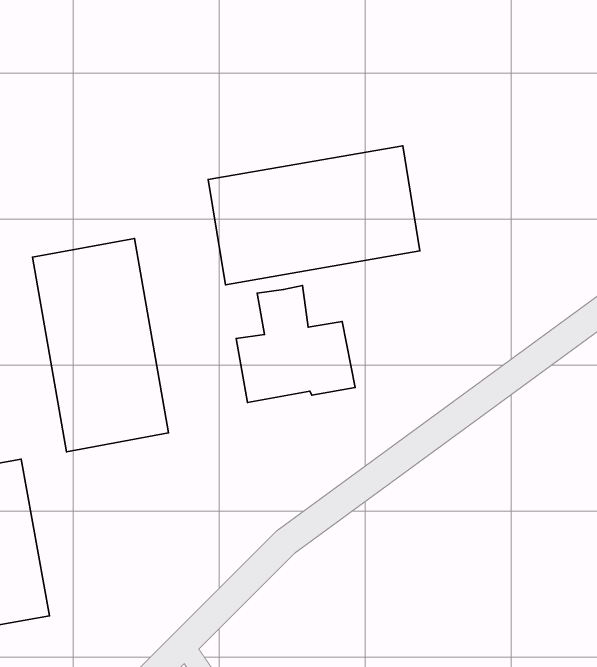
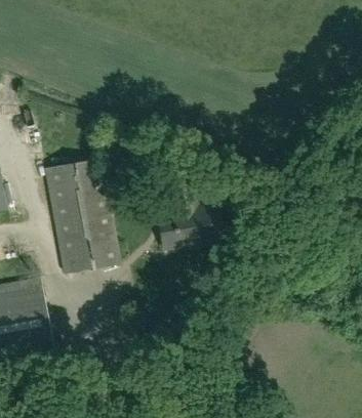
building: [208,146,420,285] -> none

